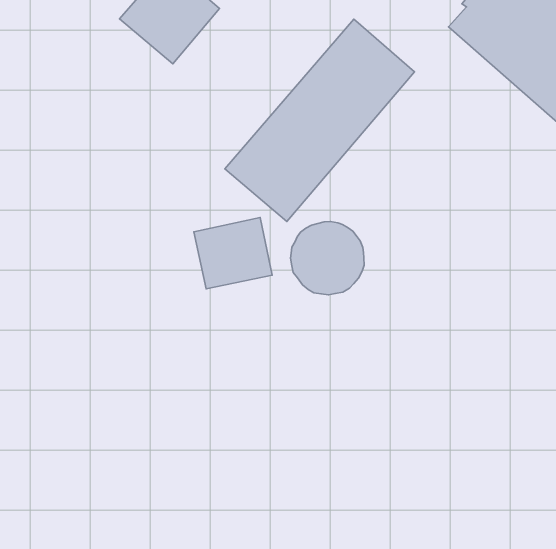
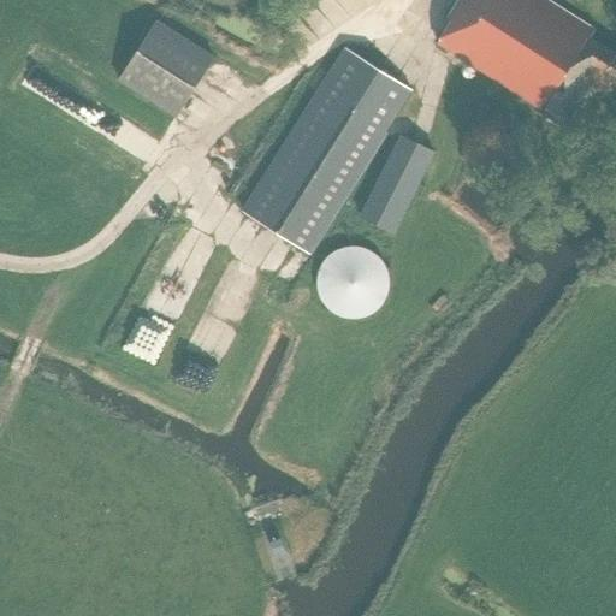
building: none -> [360,132,436,232]
building: [194,217,272,289] -> none

